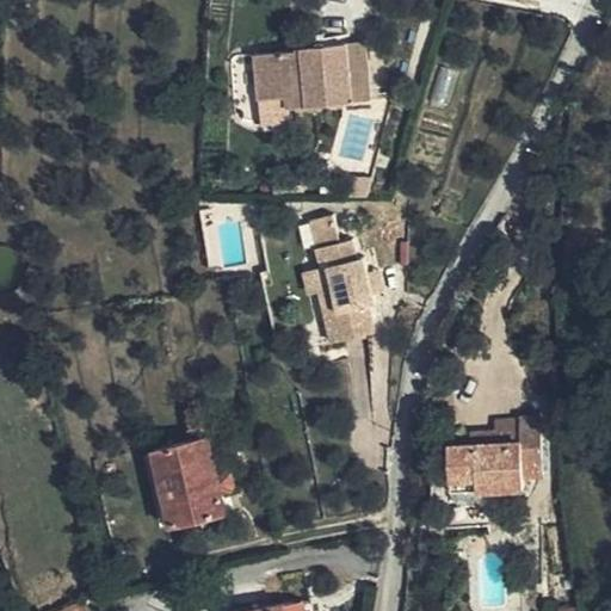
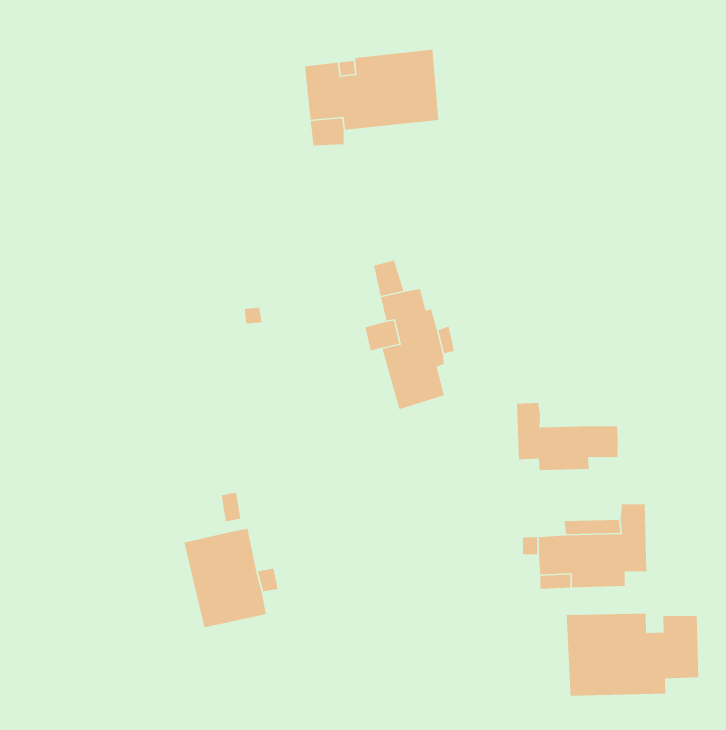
building: none -> [516,402,619,471]
building: none -> [566,613,699,697]

